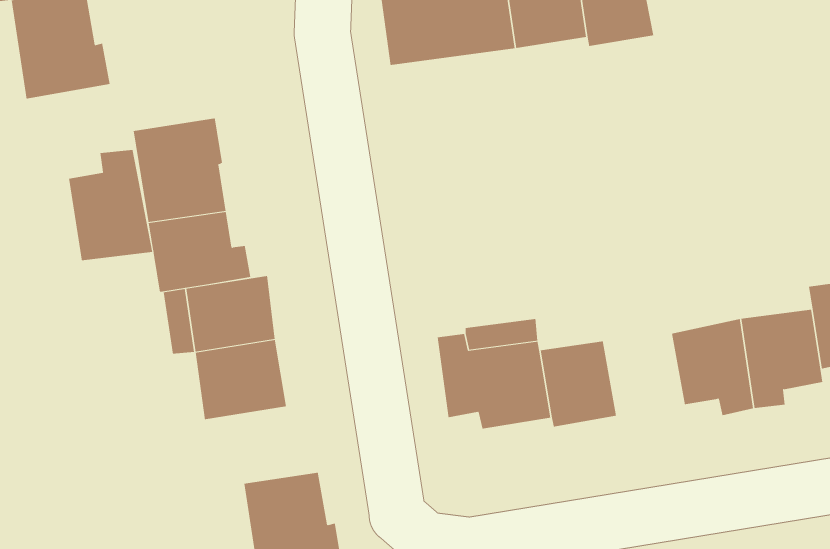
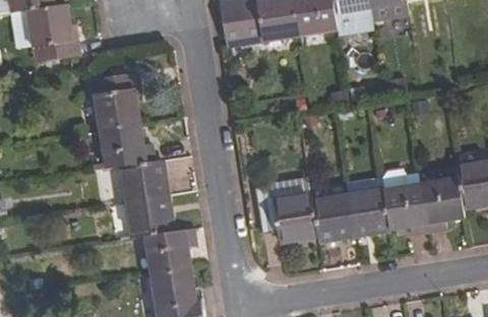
building: [68,149,153,261] -> none
building: none -> [345,188,388,235]
building: none -> [143,229,195,271]

